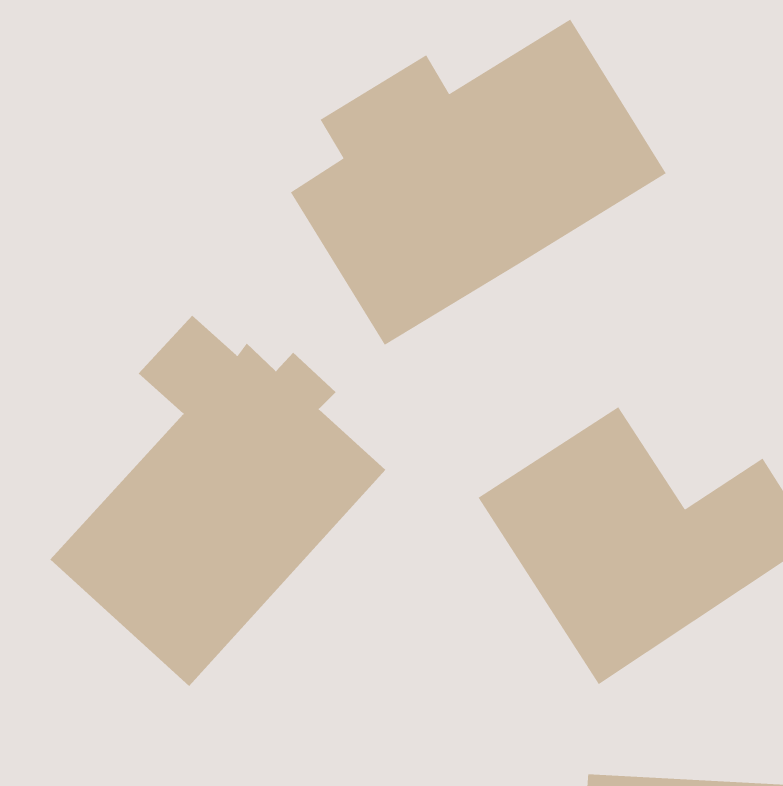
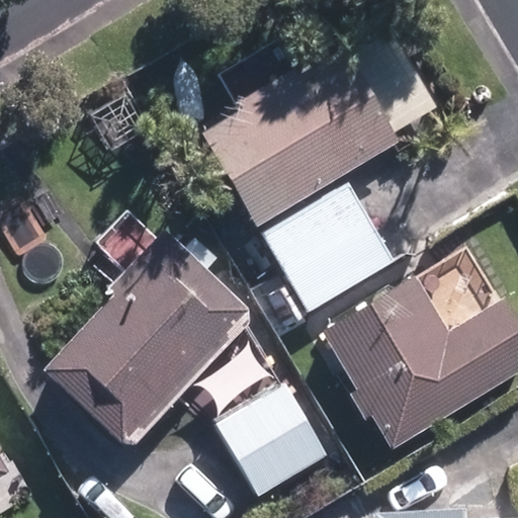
building: none -> [257,177,394,316]
building: none -> [217,383,332,502]

